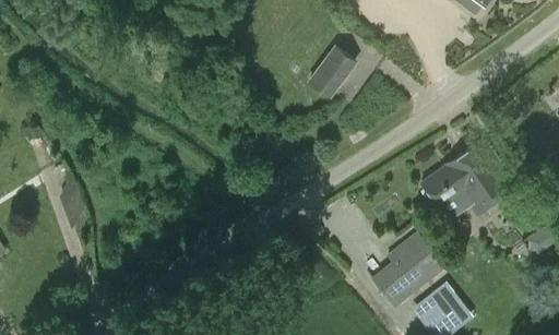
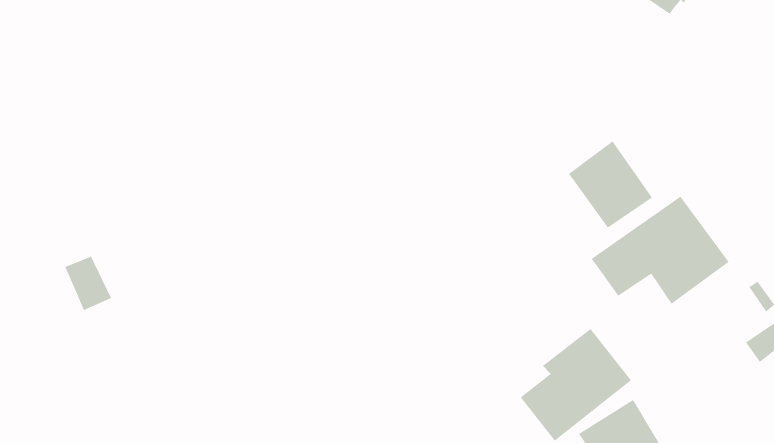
building: [308,47,354,96] -> none
building: none -> [568,140,653,229]

